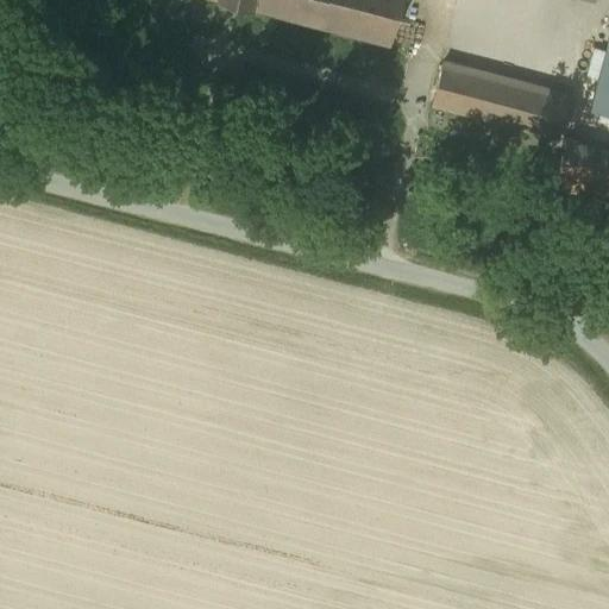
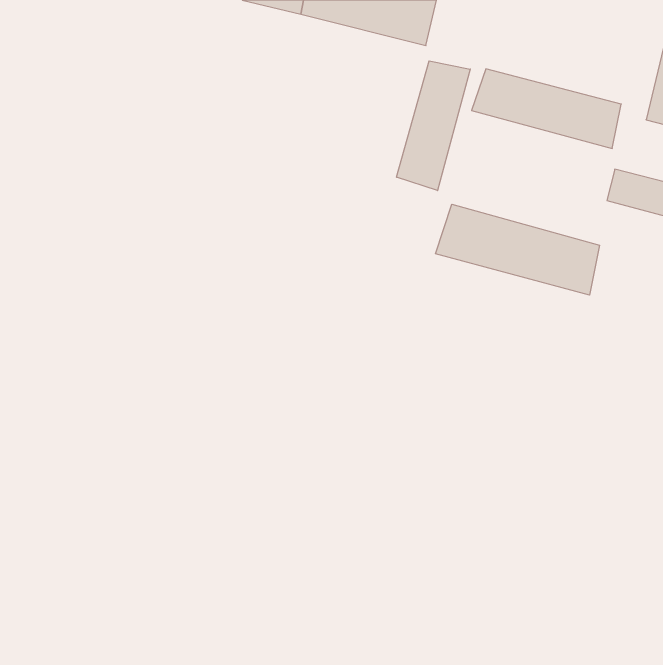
building: none -> [397,61,470,191]
building: none -> [436,204,599,295]

